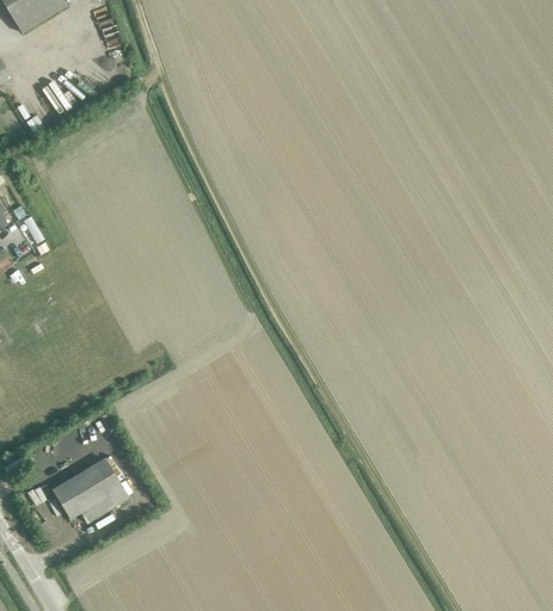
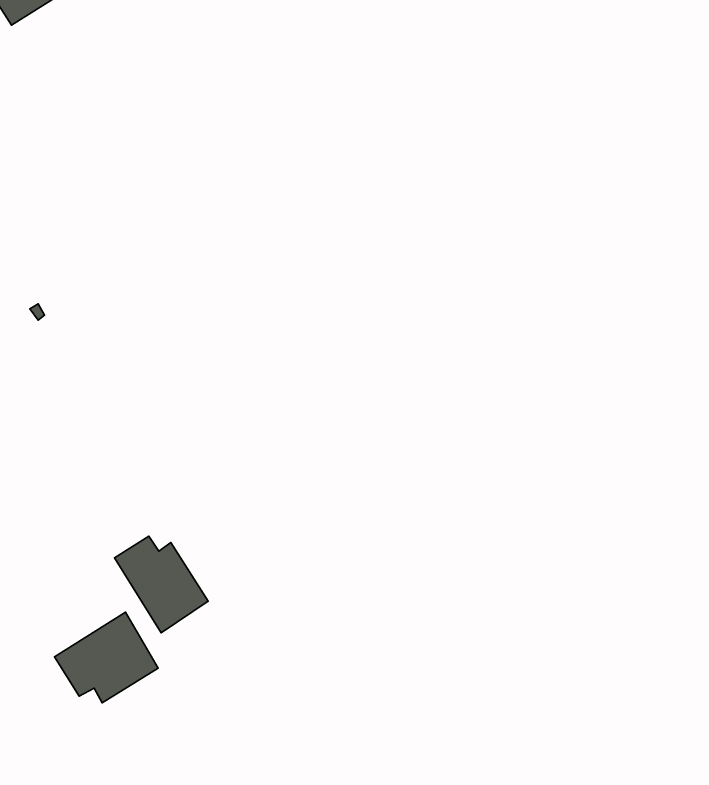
building: none -> [115,536,208,633]

